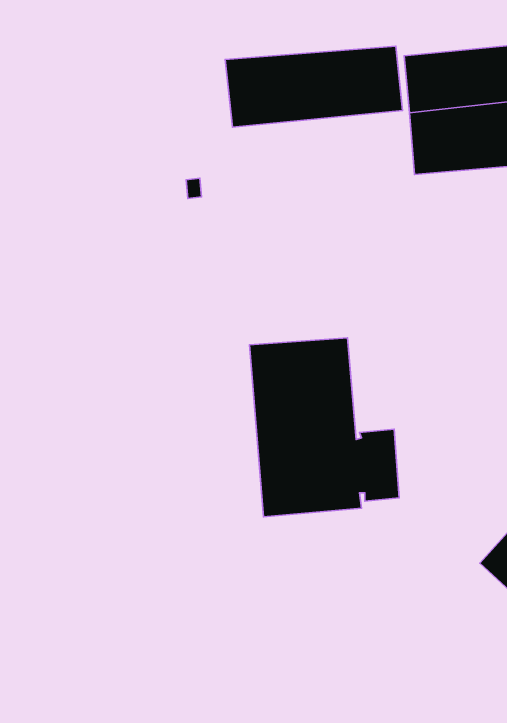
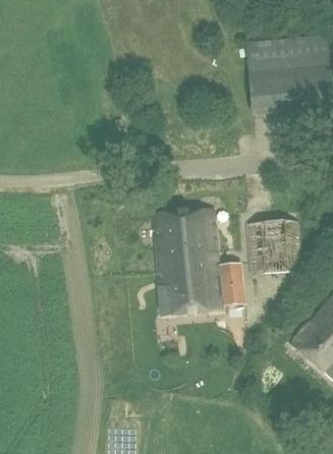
building: [225,46,403,127] -> none
building: none -> [248,221,300,274]

